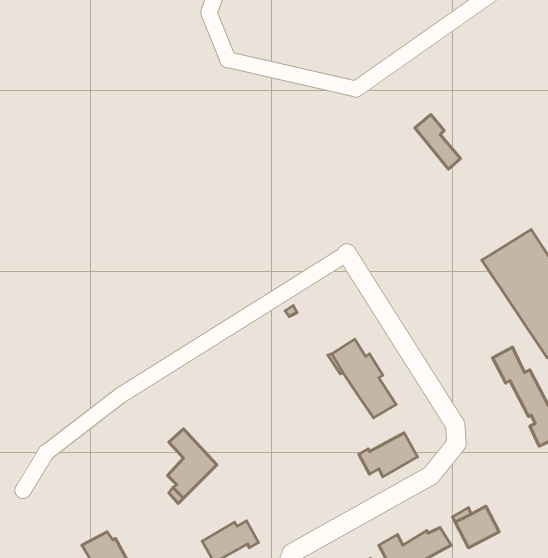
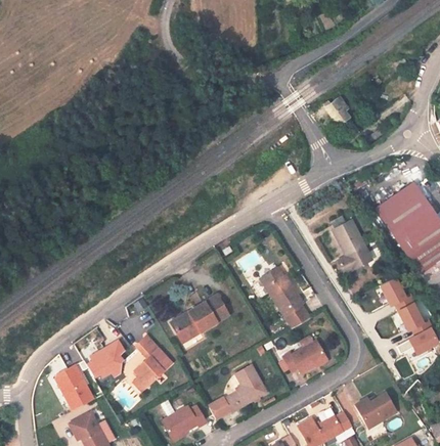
building: none -> [332,221,372,276]
building: none -> [171,295,229,343]
building: none -> [92,331,128,368]
building: none -> [207,364,267,420]
building: none -> [55,366,94,411]

